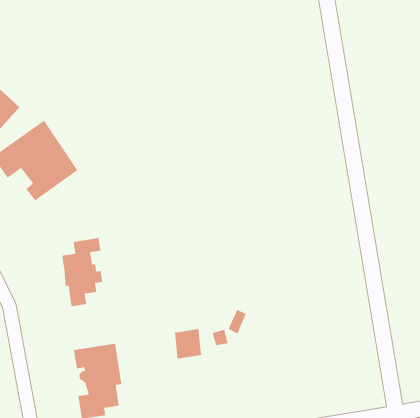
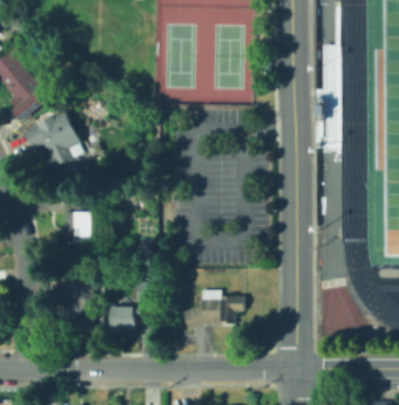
building: none -> [182,290,244,330]
building: none -> [110,306,140,332]

